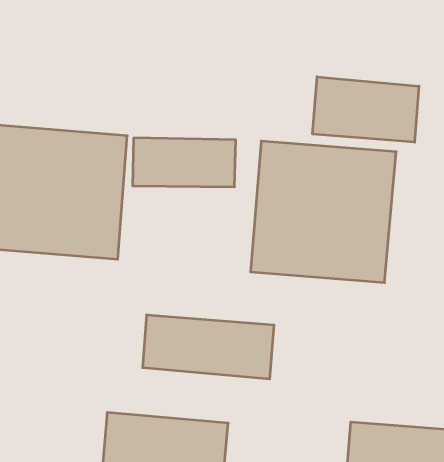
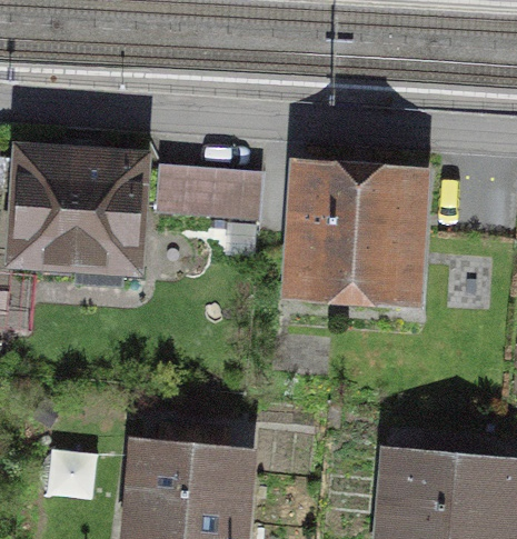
building: [313,77,419,142] -> none
building: [143,315,274,379] -> none

